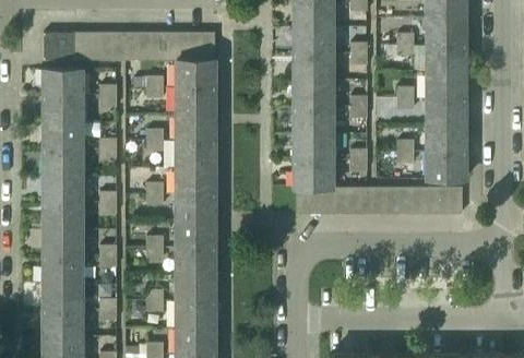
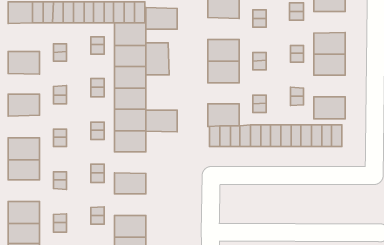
building: [427,46,466,73] -> none
building: [294,53,333,81] -> [146,7,177,29]
building: [44,69,83,96] -> none
building: none -> [146,43,169,75]
building: [44,123,83,150] -> none
building: [427,126,466,153] -> none
building: [294,135,333,162] -> none
building: [44,176,83,204] -> none
building: [177,222,216,249] -> [146,110,177,132]
building: [44,256,83,284] -> none
building: [177,274,216,301] -> none

